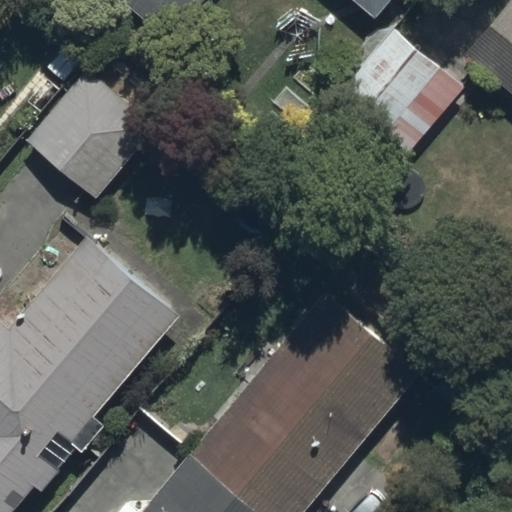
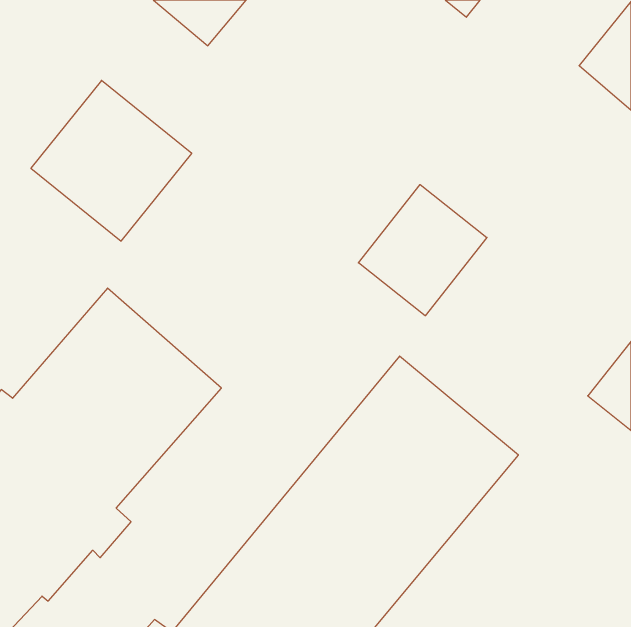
building: [338,27,463,152] -> none
building: none -> [358,185,487,316]

